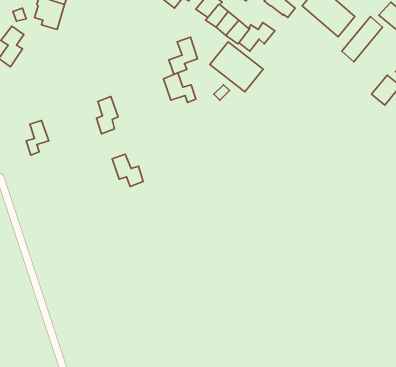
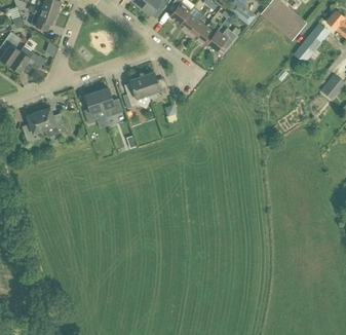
building: [169,37,198,74] -> [123,76,148,108]
building: [210,42,263,92] -> none
building: none -> [10,45,45,72]
building: none -> [37,107,67,137]
building: [112,154,143,186] -> [97,87,123,115]

